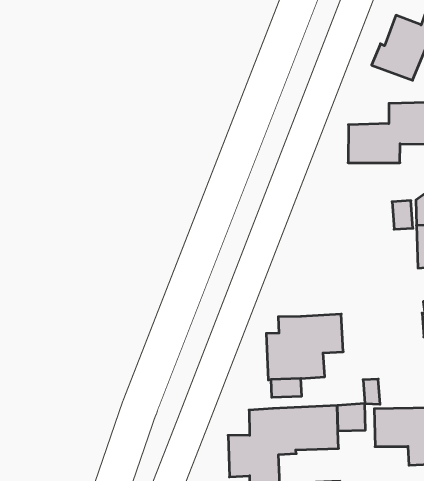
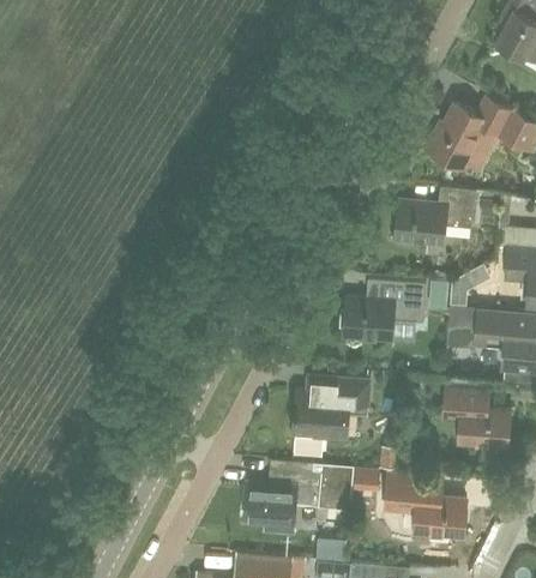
building: none -> [342,284,426,342]

